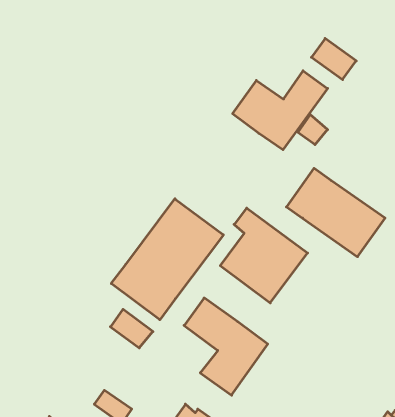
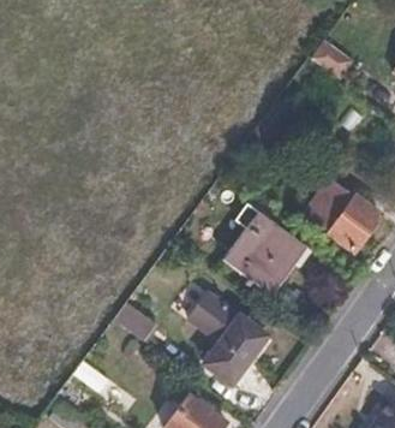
building: [233,71,328,150] -> none
building: [111,199,223,320] -> none

